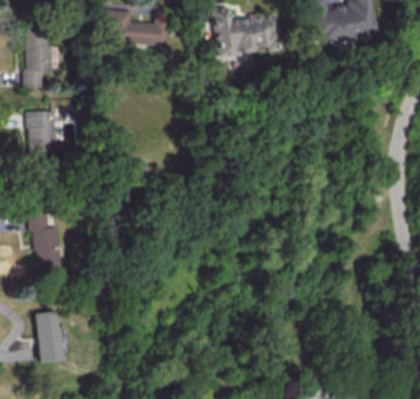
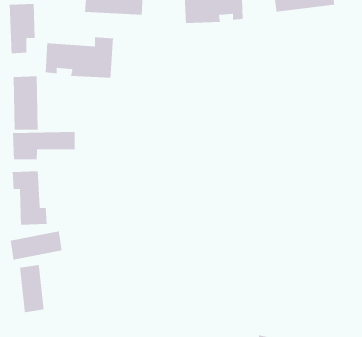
building: none -> [45,36,114,78]
building: none -> [12,131,76,160]
building: none -> [10,230,63,261]

